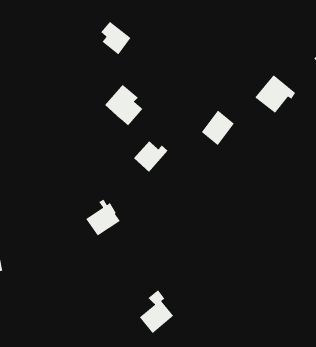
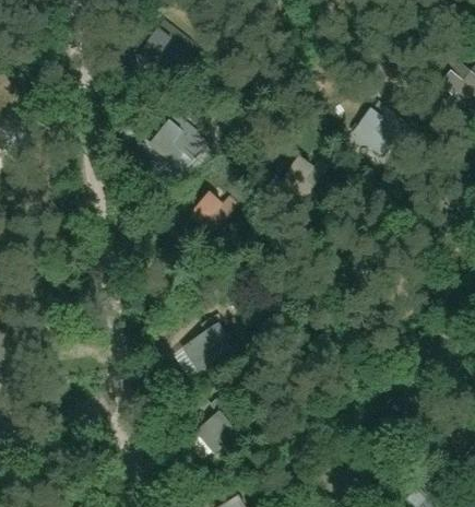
building: [85,198,121,236] -> [181,321,229,373]

